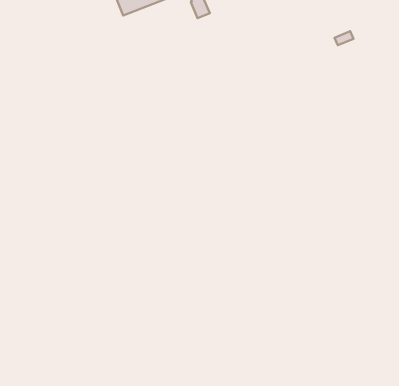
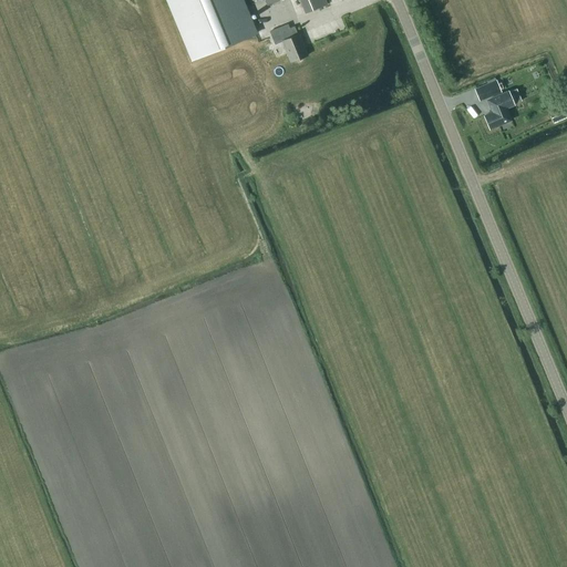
building: none -> [483,90,514,127]

